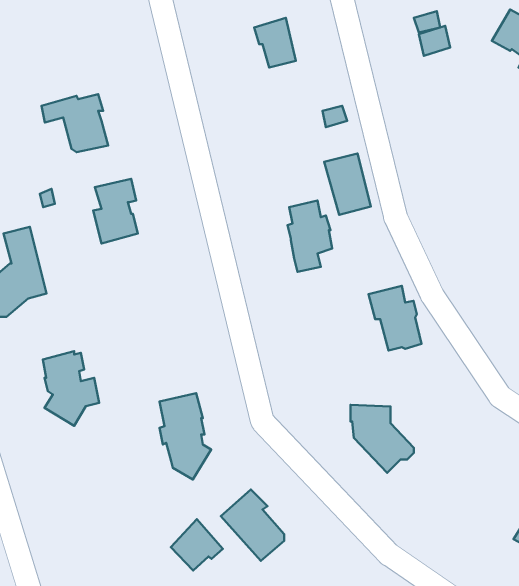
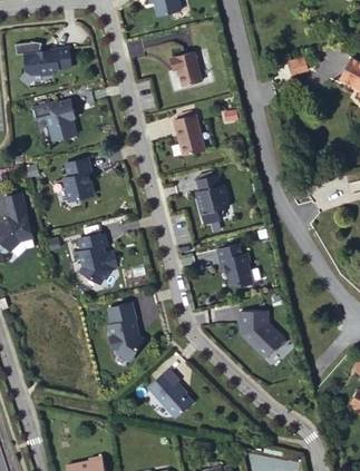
building: none -> [23,47,70,75]
building: [324,153,371,215] -> [172,115,203,156]
building: [368,286,422,351] -> [215,244,251,287]
building: [43,351,99,426] -> [79,235,117,285]
building: [171,519,223,571] -> none

